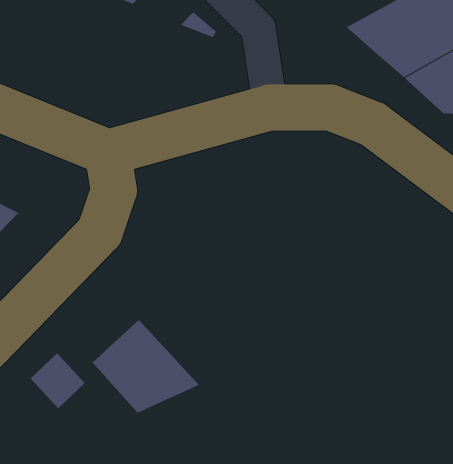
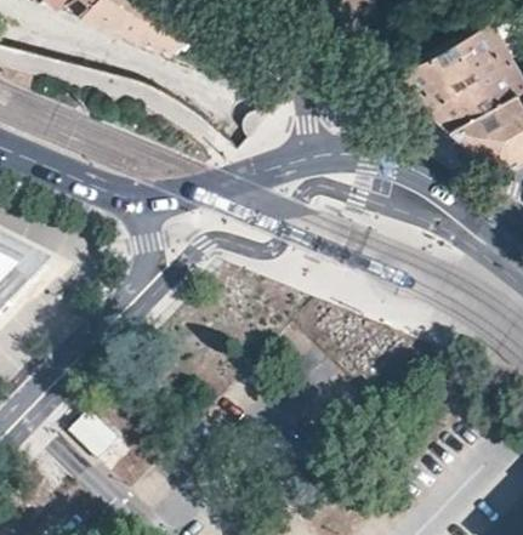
building: [92,319,200,413] -> none

